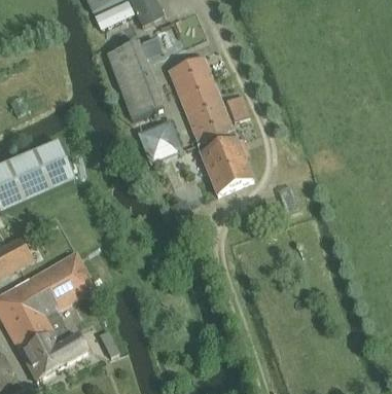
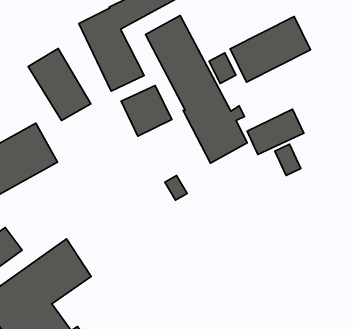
building: none -> [230,17,311,82]
building: none -> [28,49,91,121]
building: none -> [247,109,304,155]

